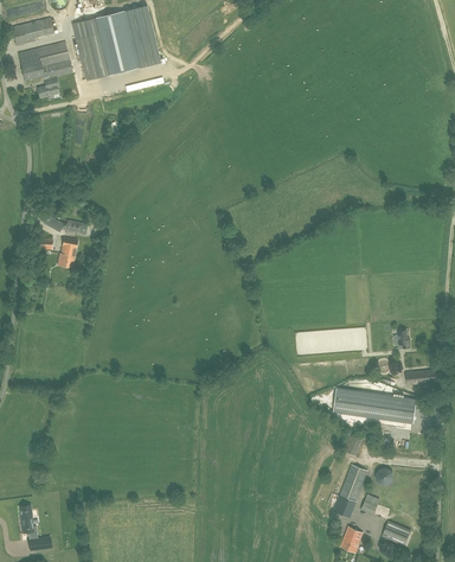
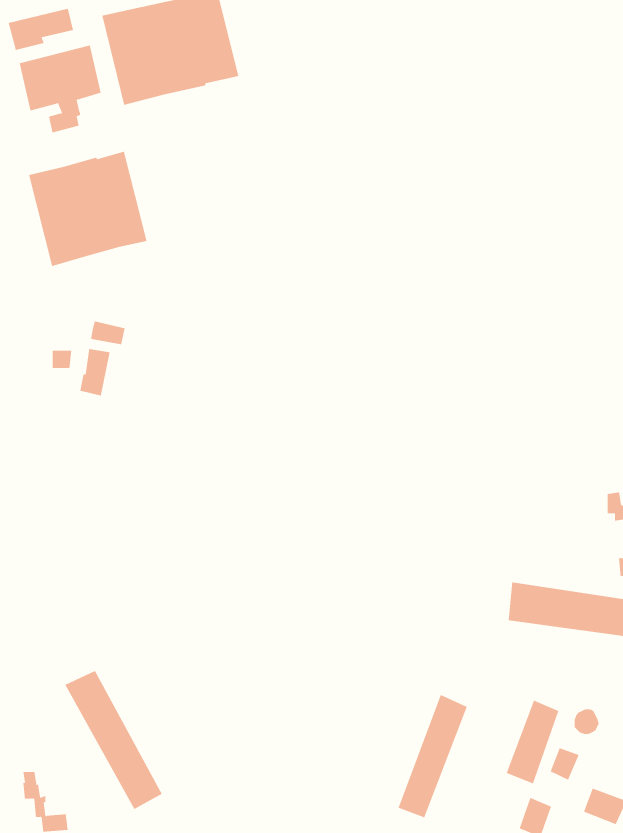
building: none -> [28,151,147,267]
building: none -> [65,670,162,810]
building: none -> [398,694,467,818]

